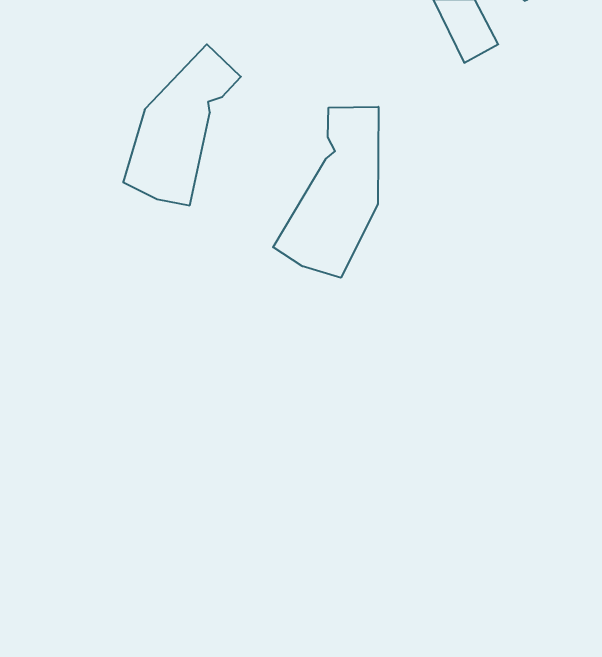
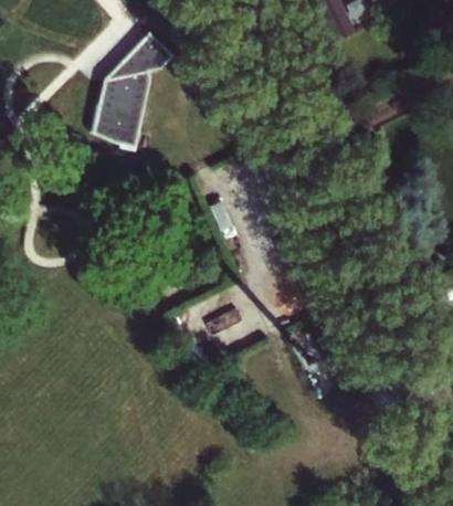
building: [273,107,378,278] -> none

